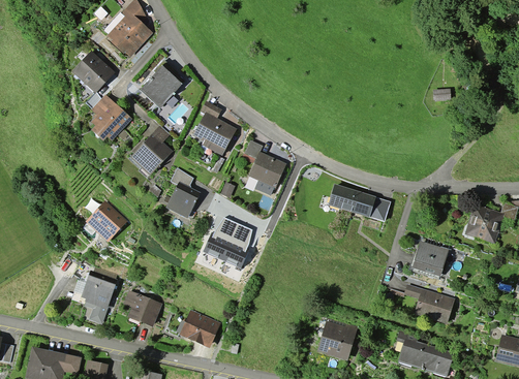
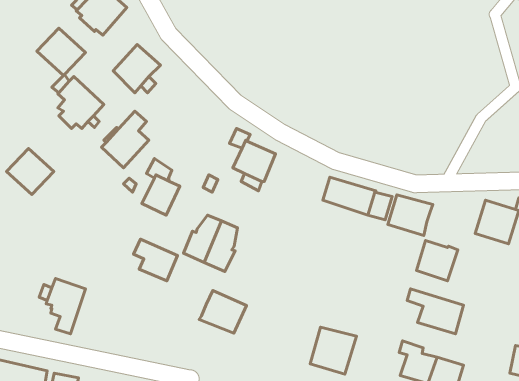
building: [192,101,236,156] -> none
building: none -> [388,195,433,235]
building: [85,200,127,242] -> [6,148,54,195]
building: [122,290,161,327] -> [134,239,177,281]
building: [178,310,220,348] -> [199,291,246,333]

